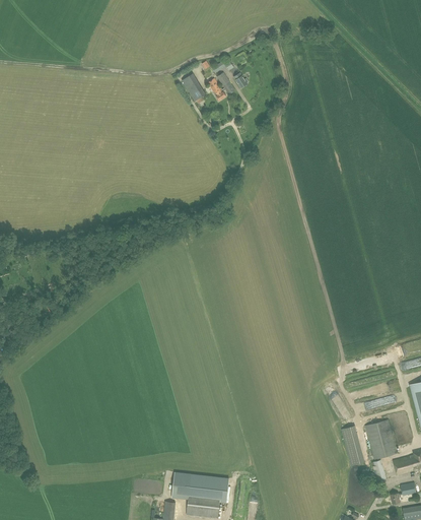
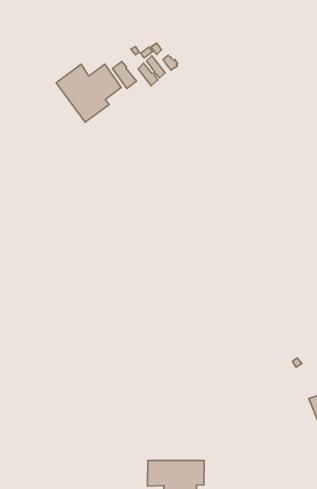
building: none -> [56,64,121,122]

